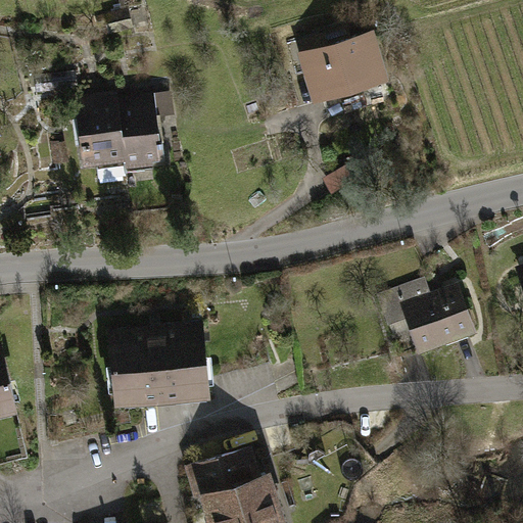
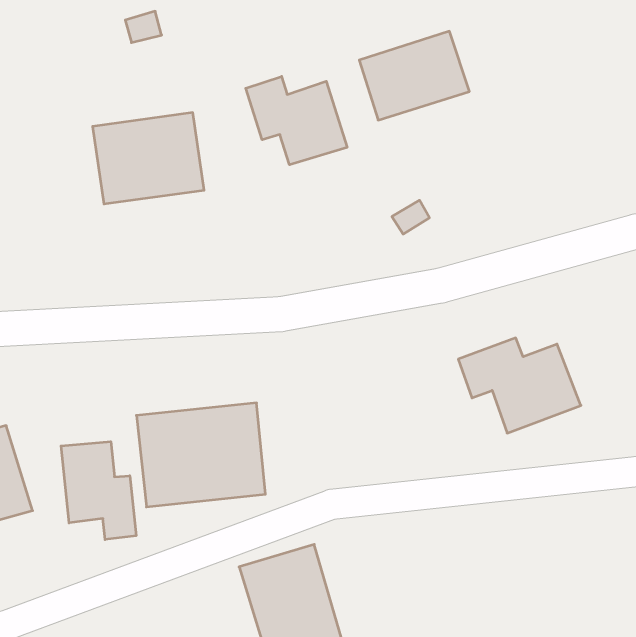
building: none -> [246,76,347,165]
building: none -> [61,442,136,540]

